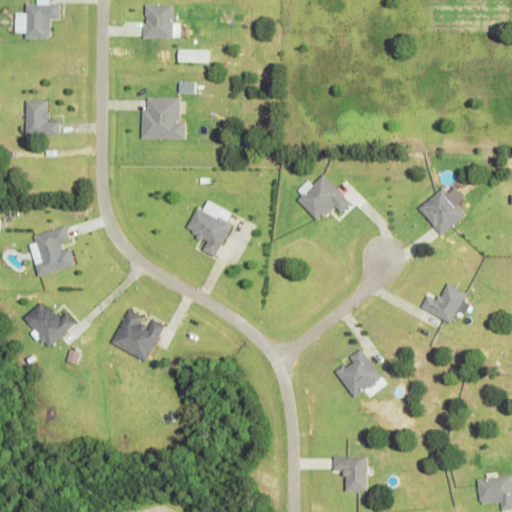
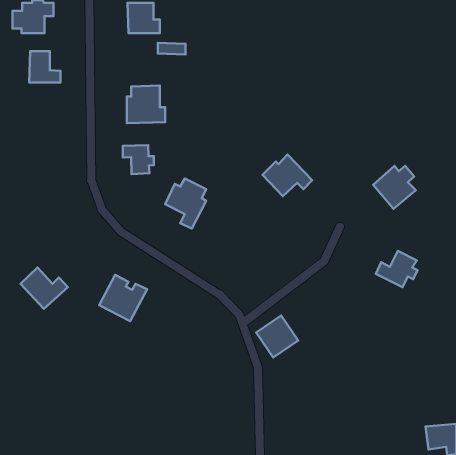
building: [24,100,59,135] -> [29,51,60,83]
building: none -> [123,145,154,174]
building: [30,226,75,275] -> none
building: [335,351,382,398] -> [256,315,298,357]
building: [334,456,367,492] -> none

